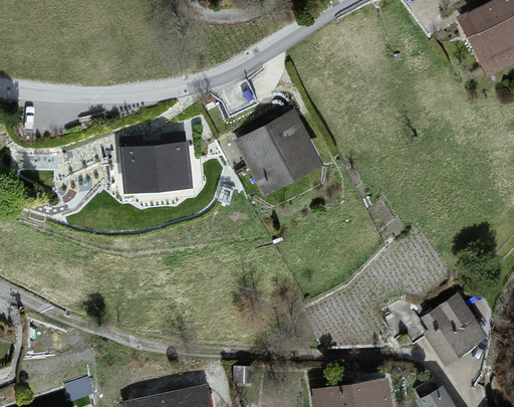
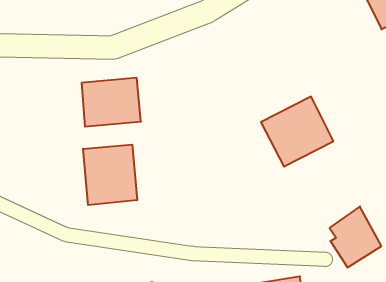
building: [235,111,323,196] -> [261,97,333,167]
building: none -> [83,145,137,205]

